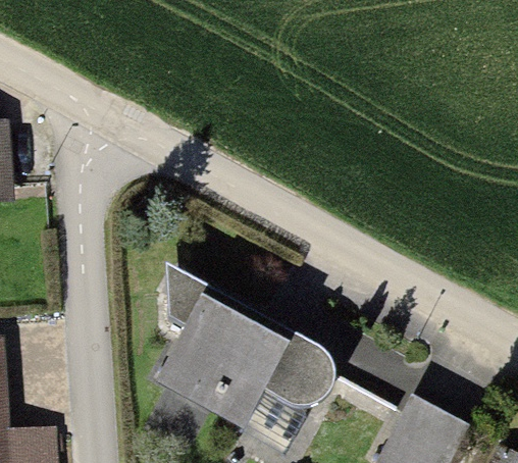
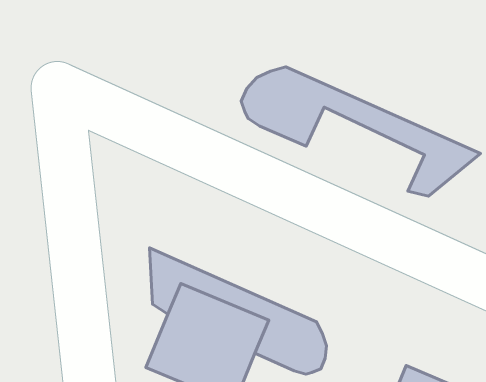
building: none -> [241,67,480,196]

